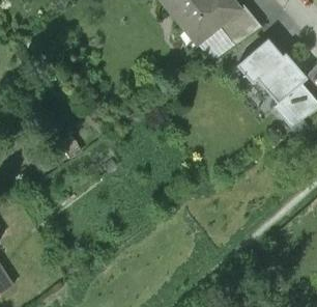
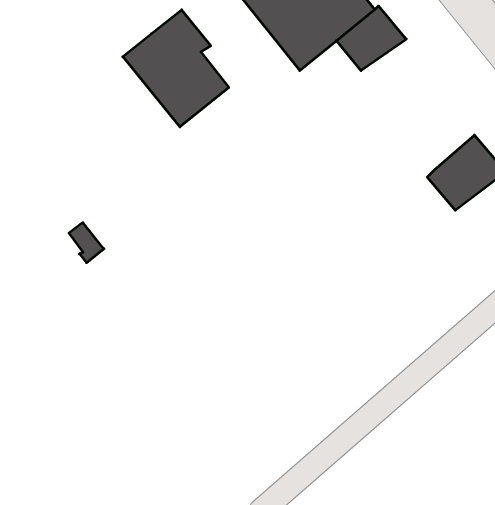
building: none -> [123,10,229,127]
building: [236,38,308,104] -> none

